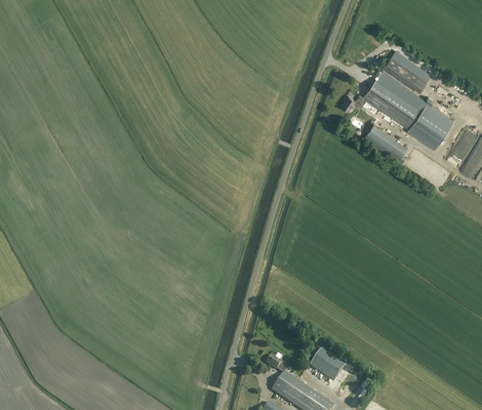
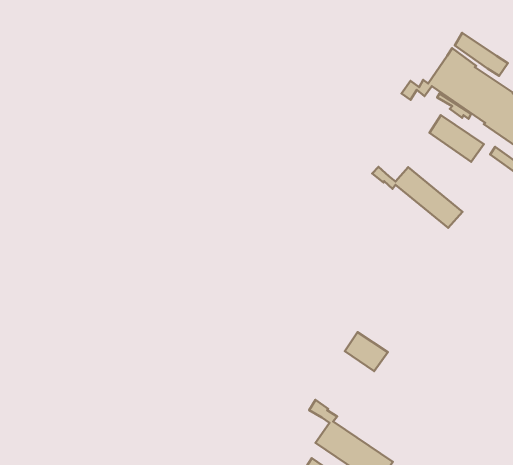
building: none -> [372,167,463,228]
building: [317,348,352,380] -> [345,332,388,371]

